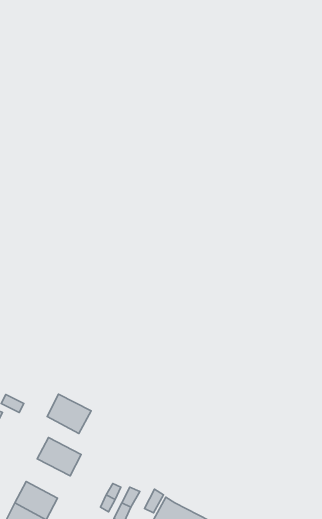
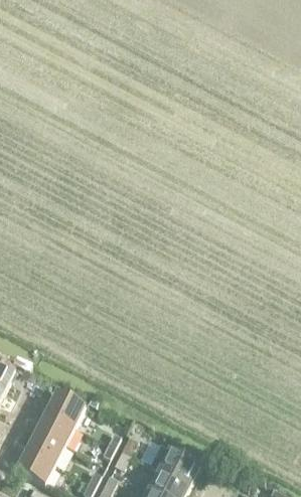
building: [47,394,91,433] -> [35,410,74,446]

